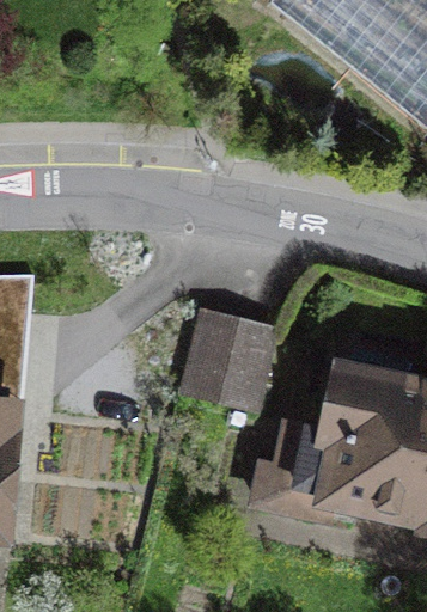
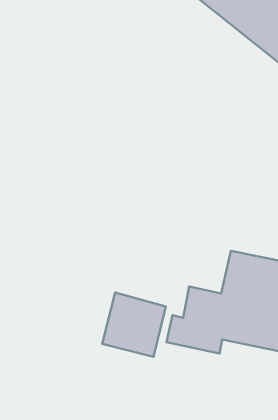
building: [184,314,272,403] -> [102,293,166,357]

